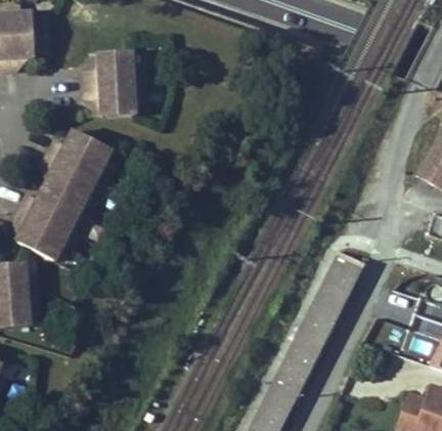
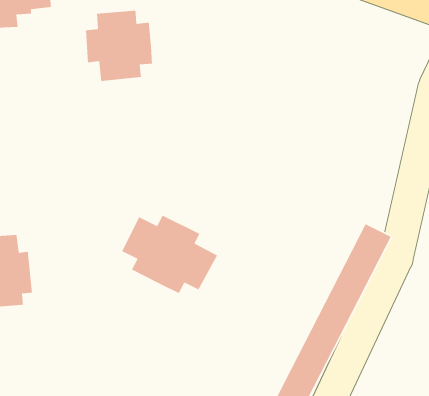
building: [12,132,112,258] -> none
building: none -> [121,215,218,294]

